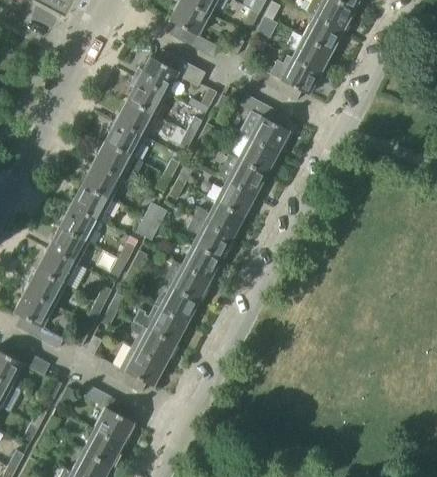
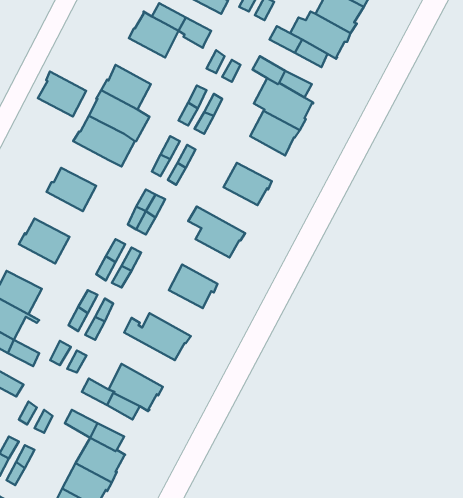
building: [126,78,167,116] -> none
building: [218,155,266,196] -> none
building: [81,163,121,200] -> [38,72,86,116]
building: [193,201,243,239] -> none
building: [59,205,99,242] -> none
building: [181,244,220,281] -> none
building: [36,248,76,285] -> none
building: [154,286,198,324] -> none
building: [129,321,175,366] -> none

